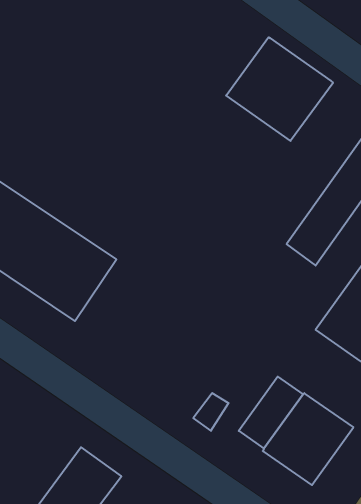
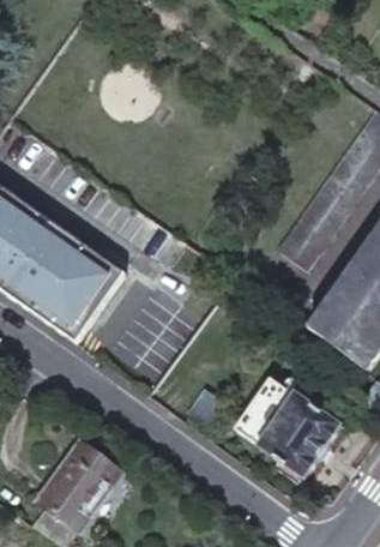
building: [226,37,333,141] -> none

